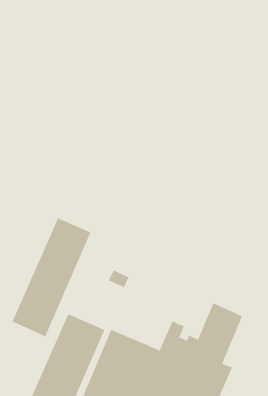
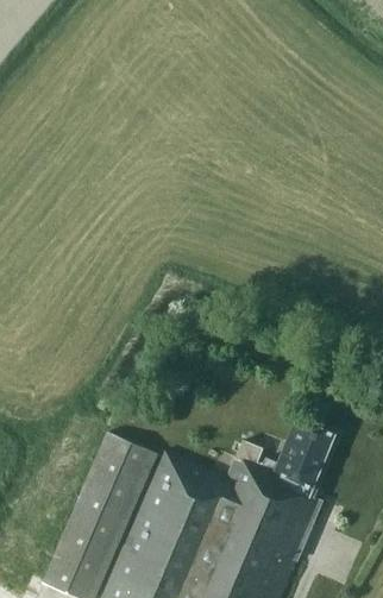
building: [12,217,91,337] -> none

